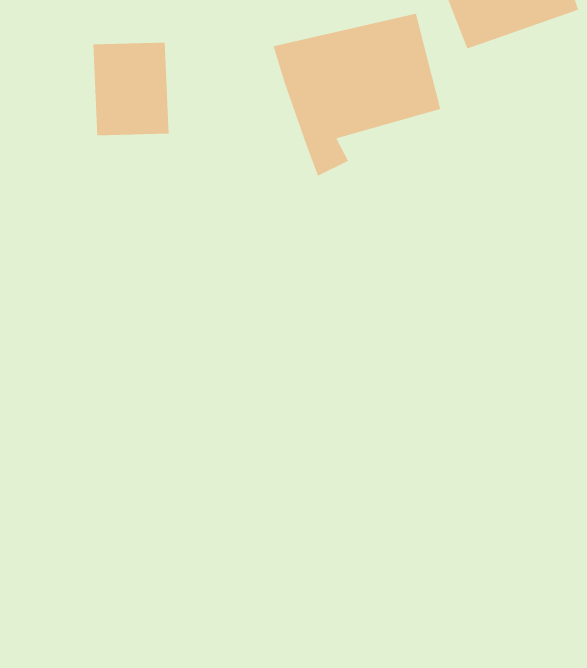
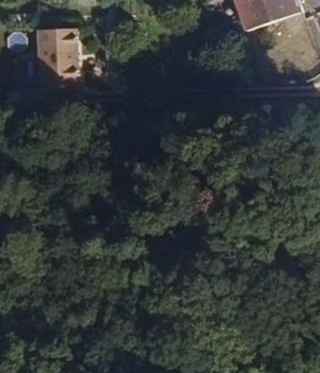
building: [272,13,441,177] -> none

